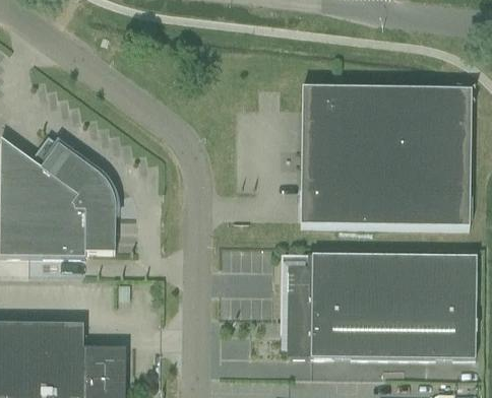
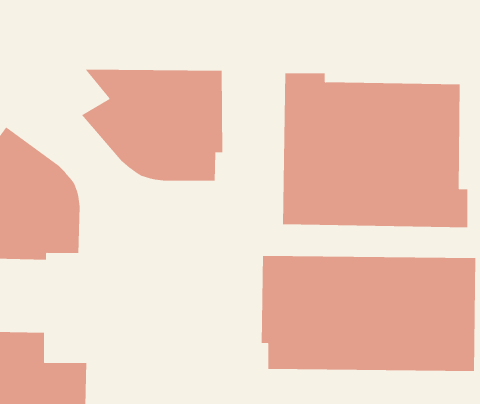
building: none -> [81,69,223,181]

